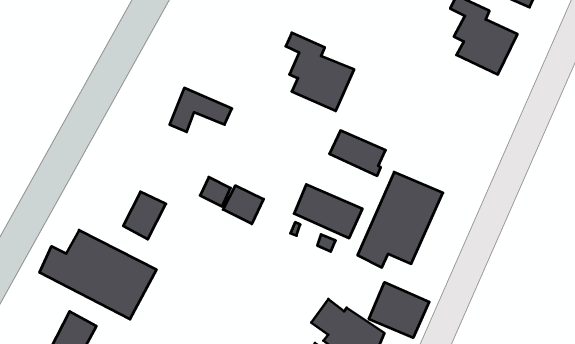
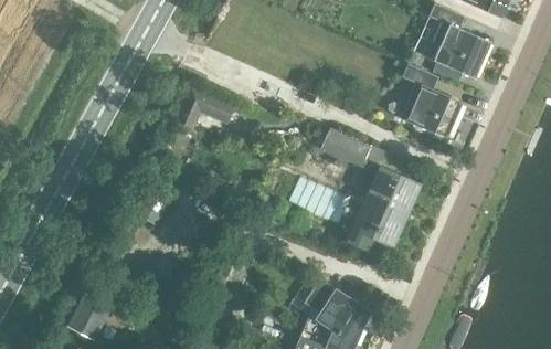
building: [286,33,354,111] -> [400,67,462,138]
building: [223,186,264,224] -> none
building: [40,230,156,319] -> none
building: [369,282,429,338] -> none

